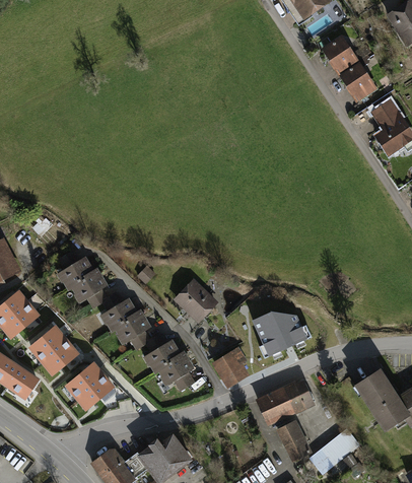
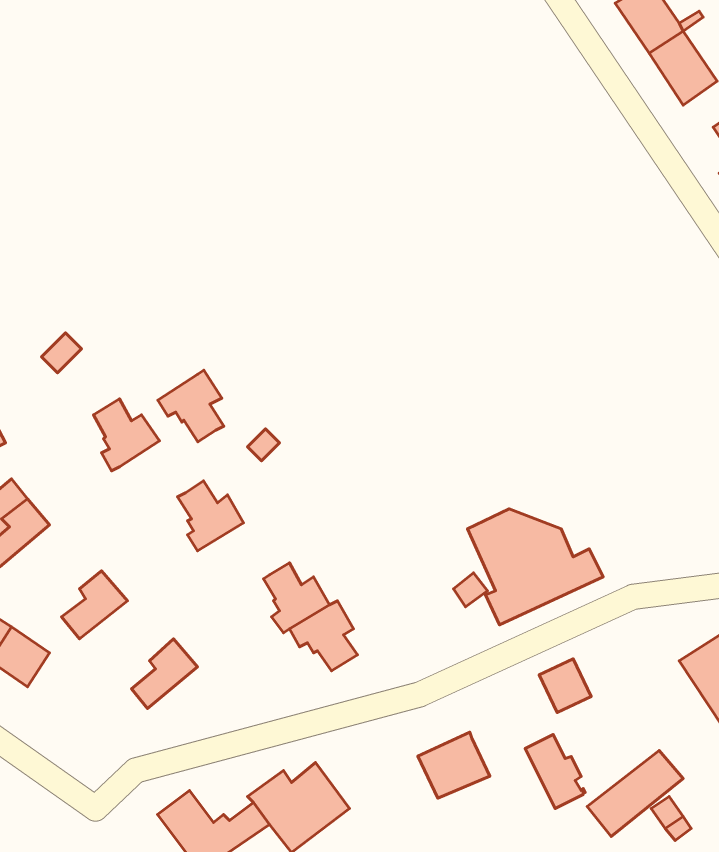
building: [72,271,106,307] -> [158,370,224,442]
building: [176,282,214,321] -> none
building: [112,313,148,348] -> none
building: [30,328,63,362] -> none
building: [216,350,244,385] -> none
building: [67,364,99,399] -> none
building: [258,389,294,422] -> [418,732,490,798]

